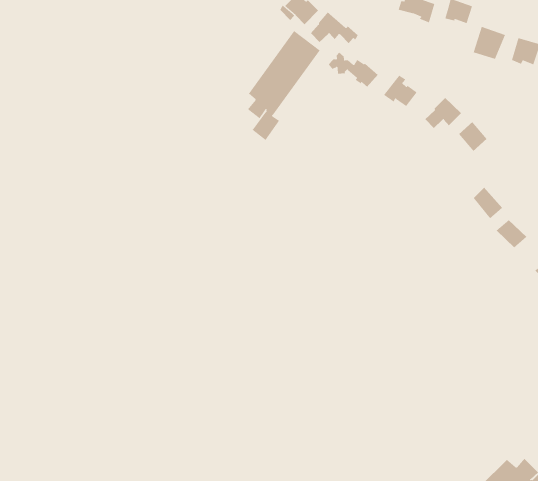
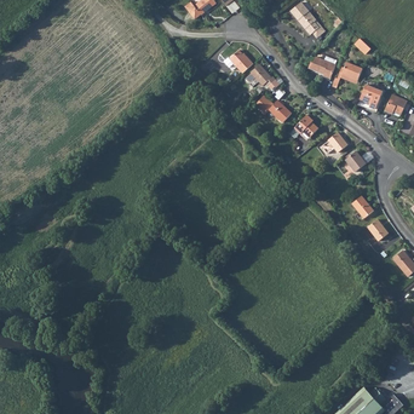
building: [247,30,320,141] -> none

